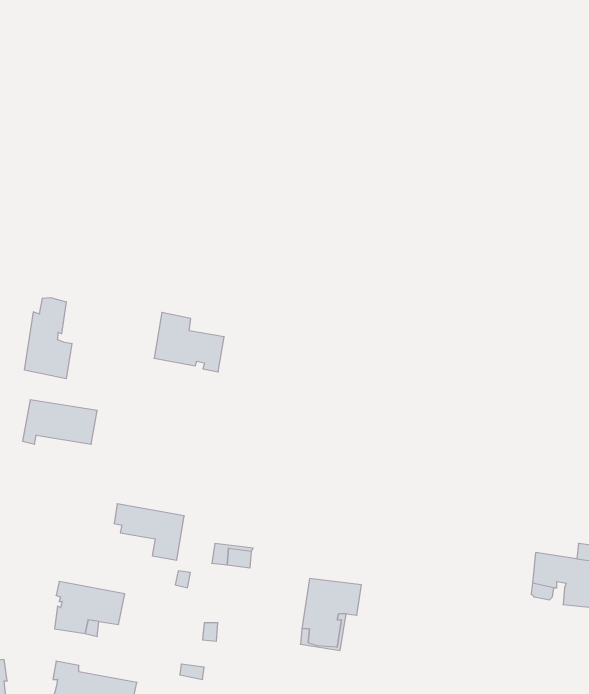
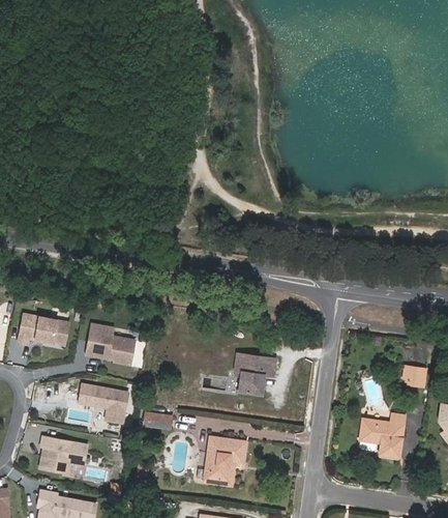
building: [24,298,72,379] -> none
building: [154,312,224,372] -> [86,323,133,364]
building: none -> [234,349,276,392]

